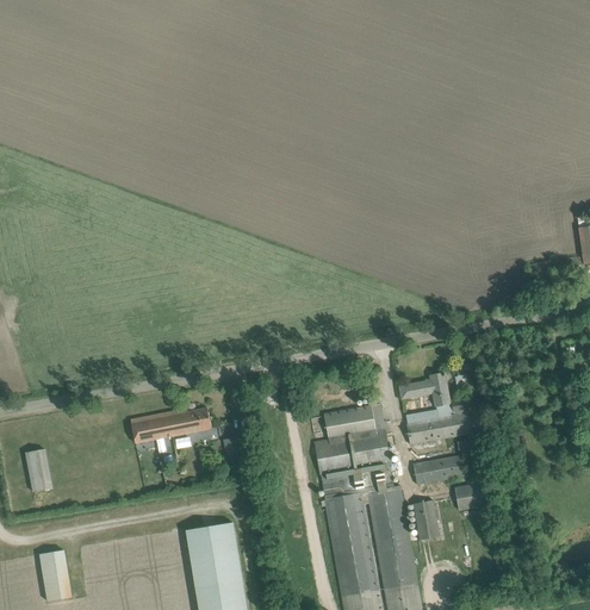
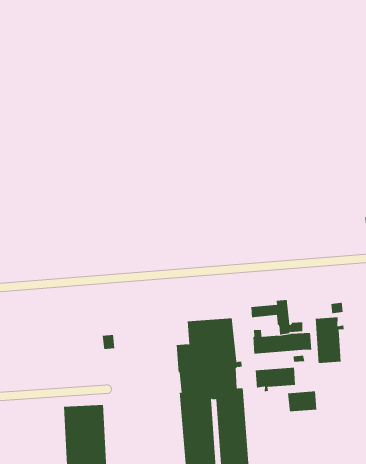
building: none -> [315,317,344,364]
building: [130,409,211,444] -> none
building: [412,500,440,541] -> none

